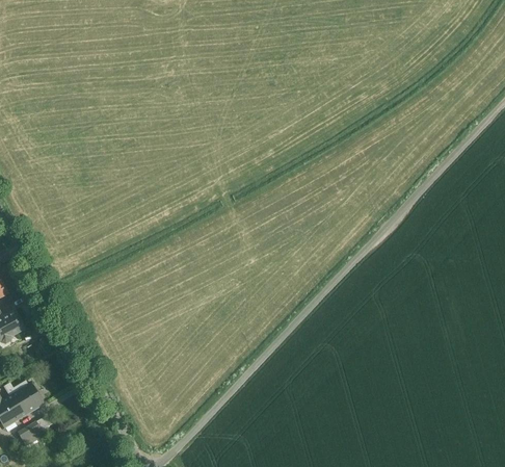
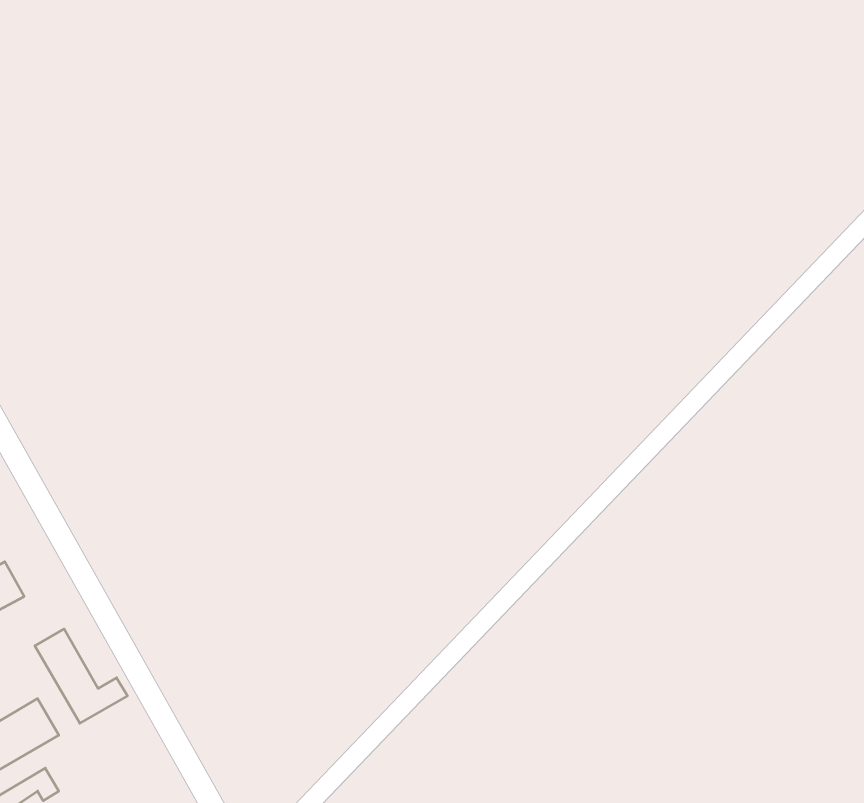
building: none -> [35,629,127,723]

